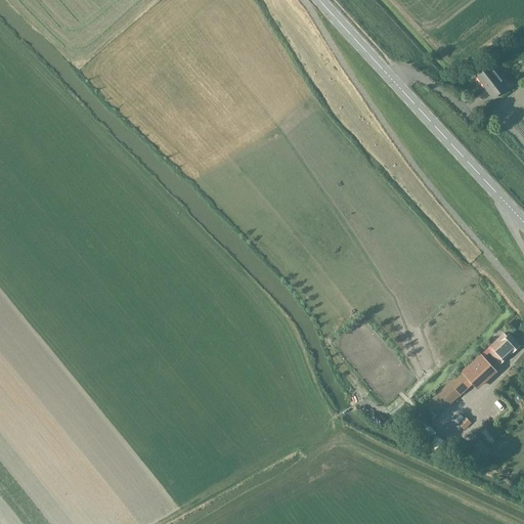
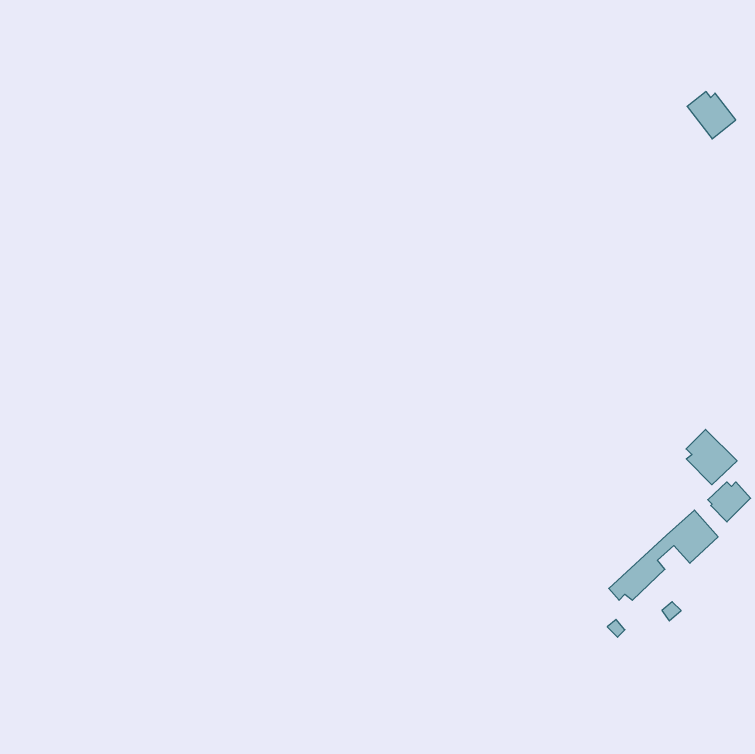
building: none -> [686,429,737,485]

